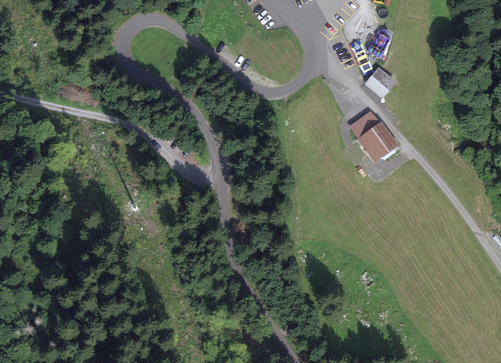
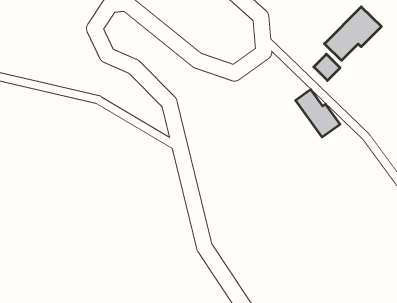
building: none -> [324,7,381,60]

